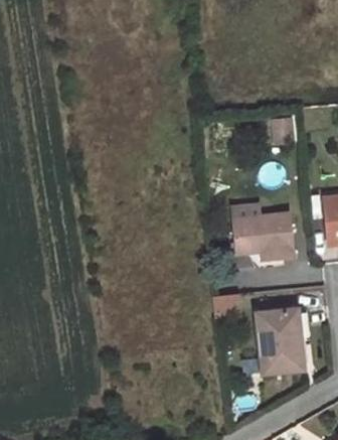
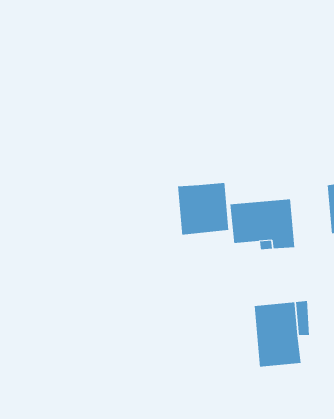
building: none -> [178,182,229,236]

